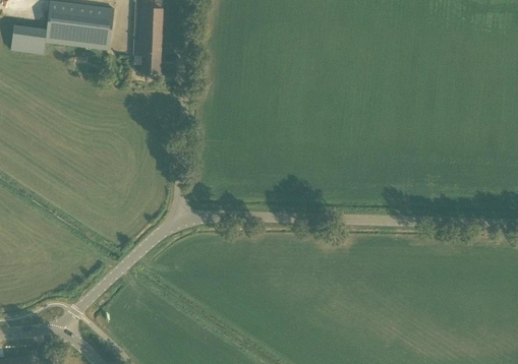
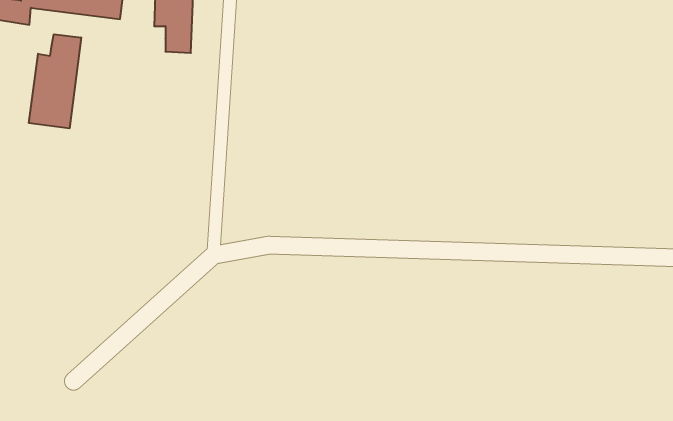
building: none -> [29,34,81,128]

